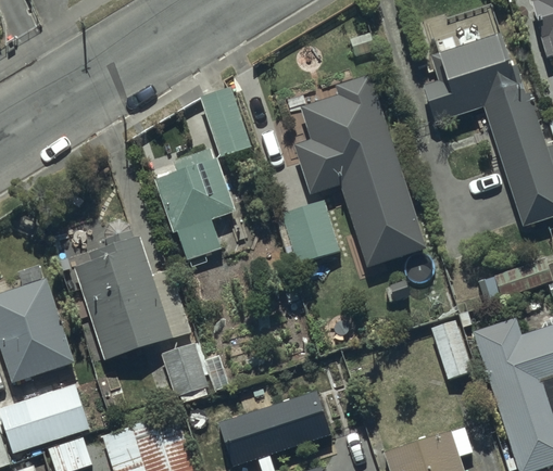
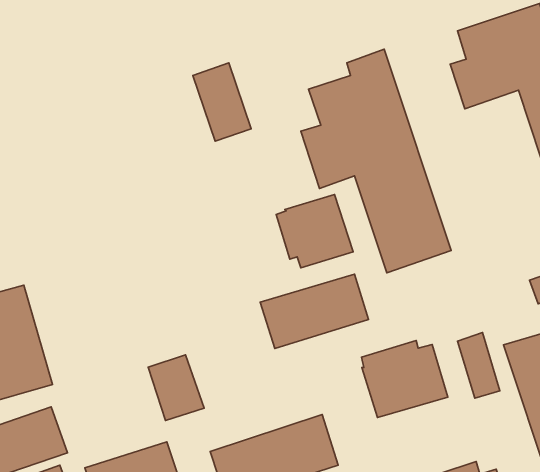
building: [155,148,236,262] -> none
building: [73,229,191,360] -> none
building: none -> [260,274,368,349]
building: none -> [362,341,448,417]

